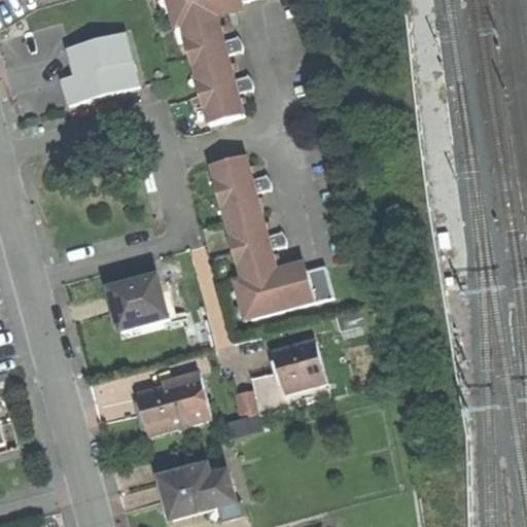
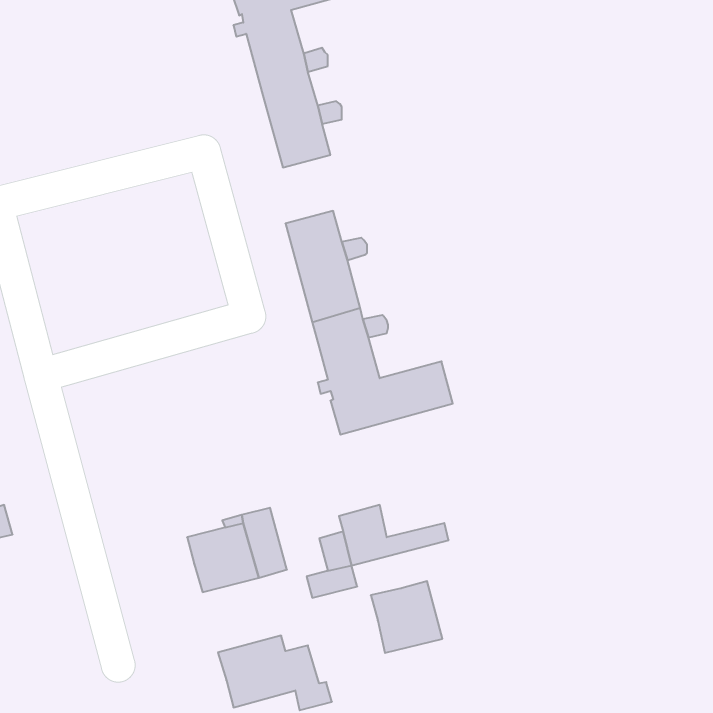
building: [58,32,136,103] -> none
building: [108,277,173,329] -> none
building: [273,341,325,393] -> [371,581,442,653]

